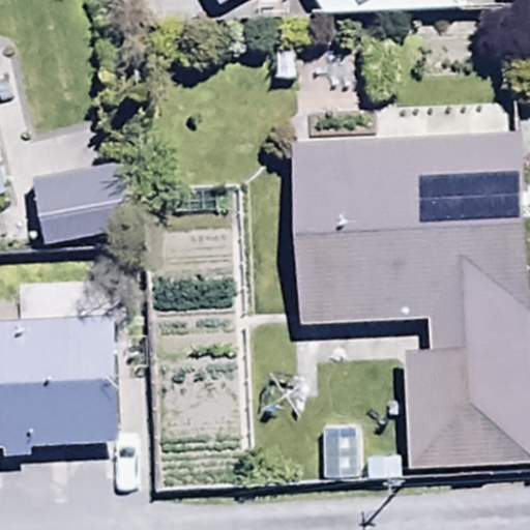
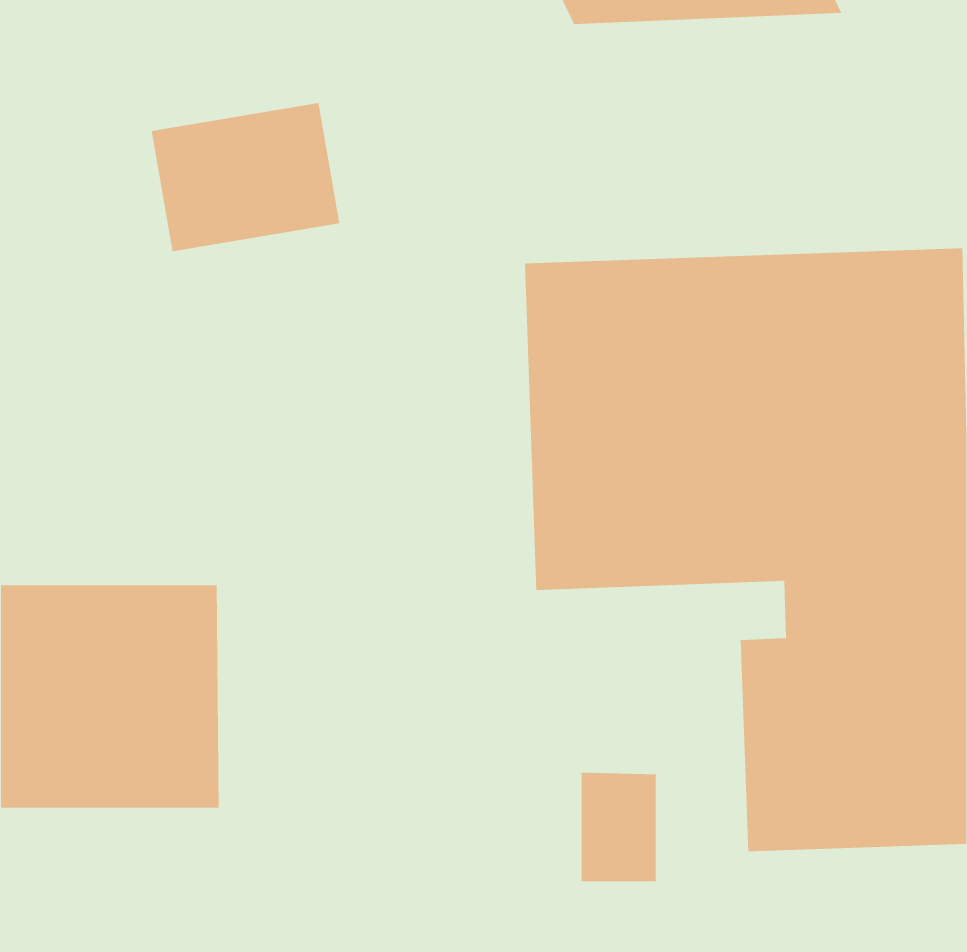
building: [29,164,132,245] -> [151,102,340,252]

